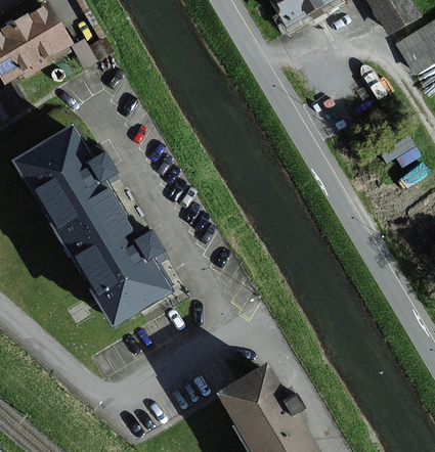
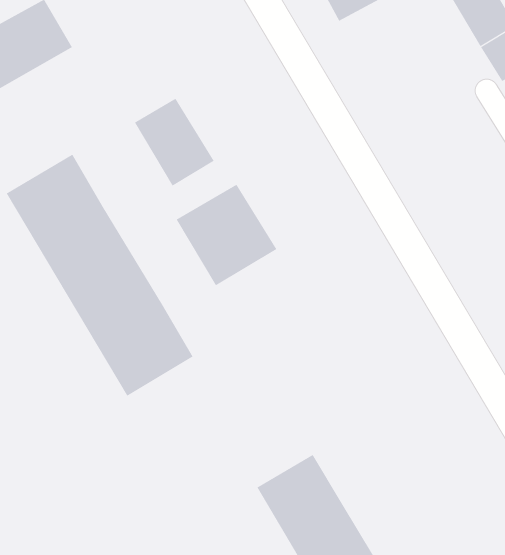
building: none -> [134,98,214,186]
building: none -> [176,184,277,286]

